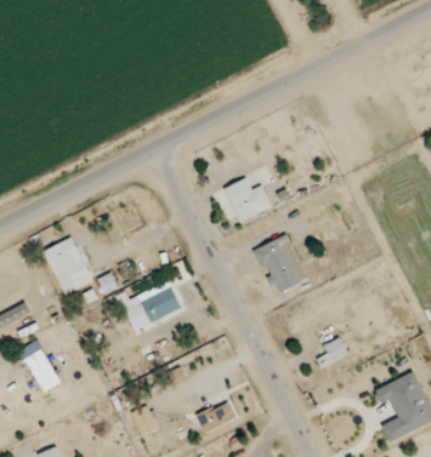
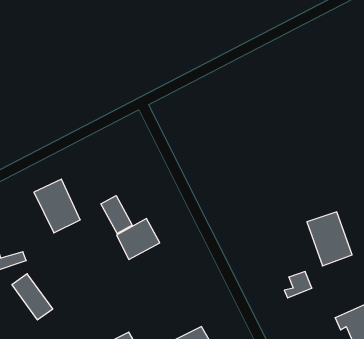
building: [225,178,272,222] -> none
building: [256,235,306,295] -> [307,212,352,266]
building: none -> [101,196,132,234]

